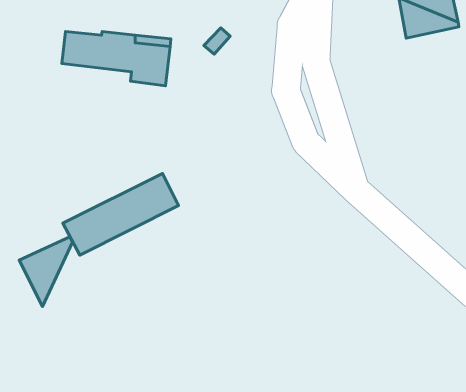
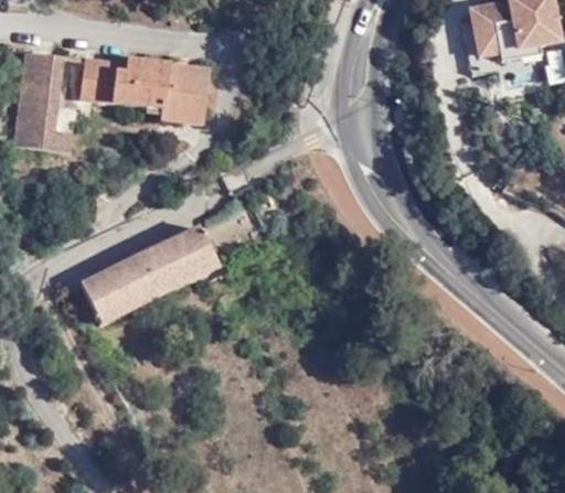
building: none -> [13,51,71,151]
building: [19,237,73,307] -> none

